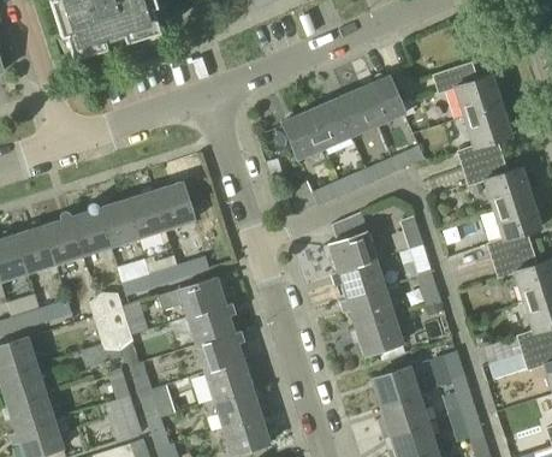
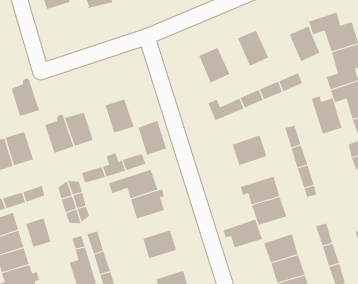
building: [362,76,405,125] -> [289,26,320,62]
building: [309,99,352,148] -> none
building: none -> [311,95,342,134]
building: [126,190,166,238] -> [138,120,167,155]
building: [44,212,84,265] -> [11,78,40,117]
building: [331,260,386,299] -> [223,219,263,248]
building: [197,332,245,373] -> none
building: none -> [25,218,51,248]
building: [214,388,262,428] -> none

